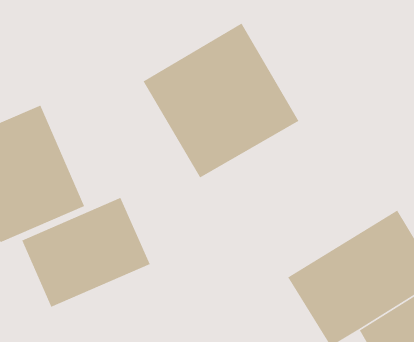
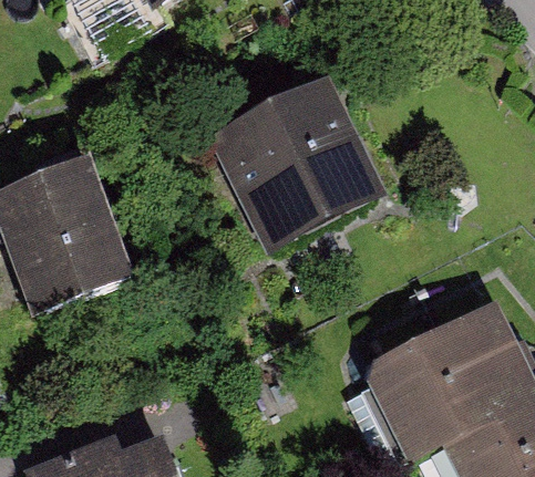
building: [21,197,151,308] -> none

